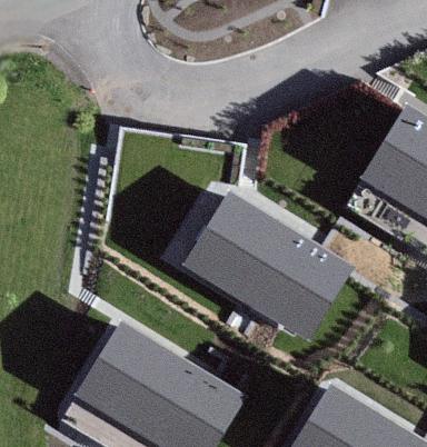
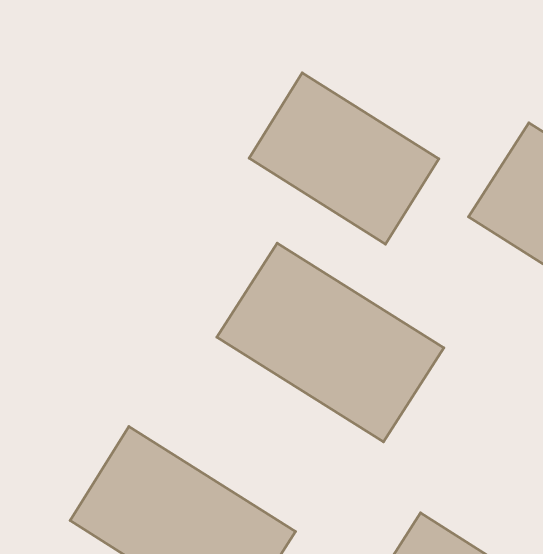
building: none -> [249,73,439,244]

